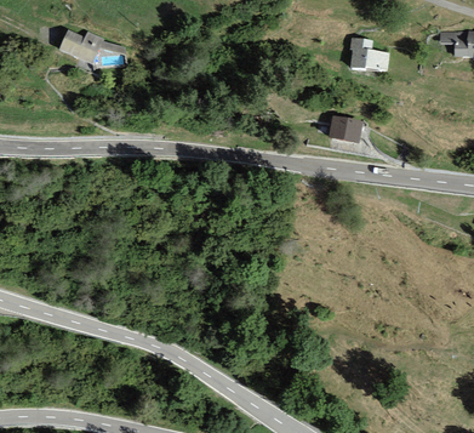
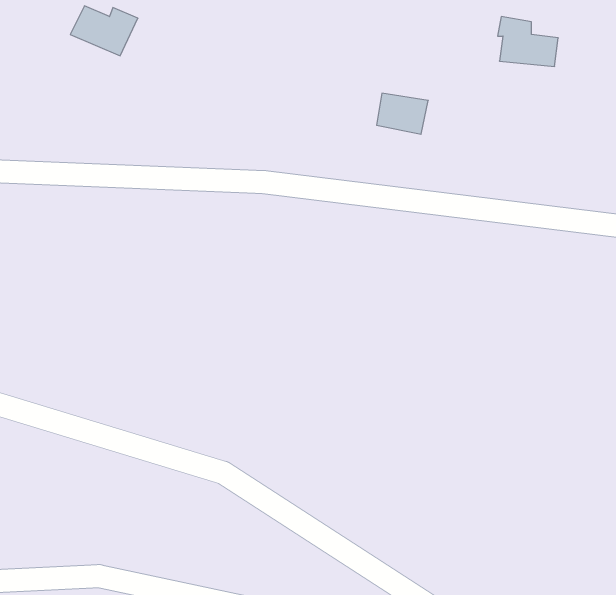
building: [327,115,362,143] -> [377,93,428,134]

